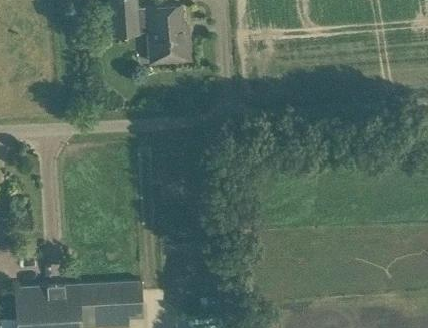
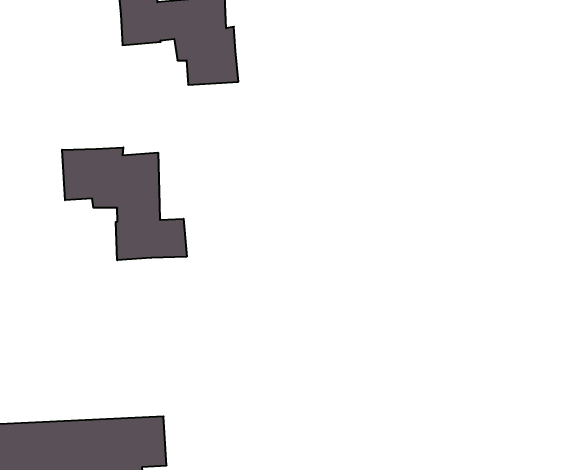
building: none -> [62,147,187,260]

